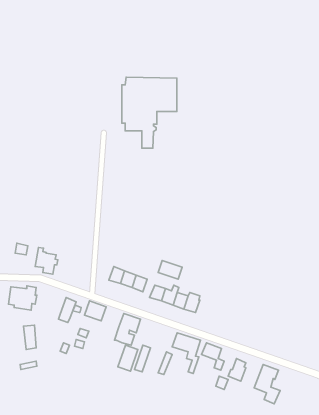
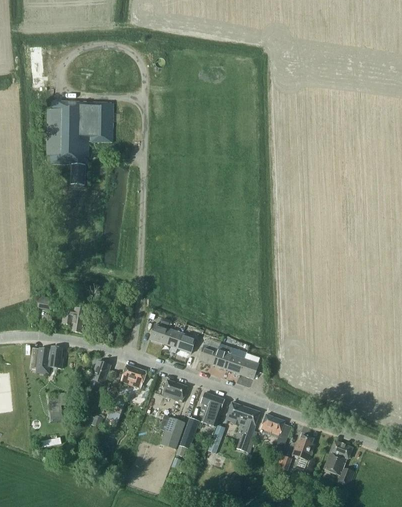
building: [122,77,177,148] -> [47,100,113,185]
building: [158,260,182,279] -> none
building: none -> [201,392,224,426]

